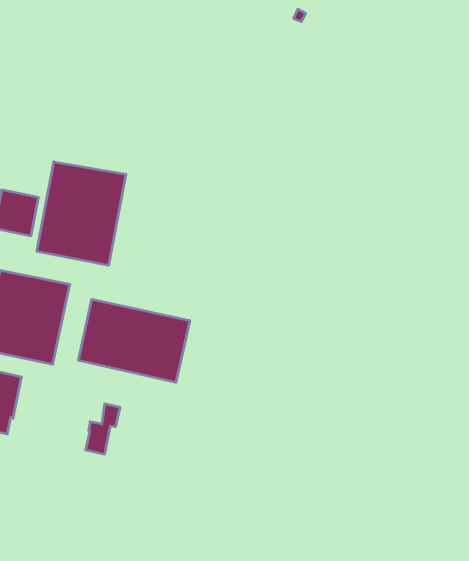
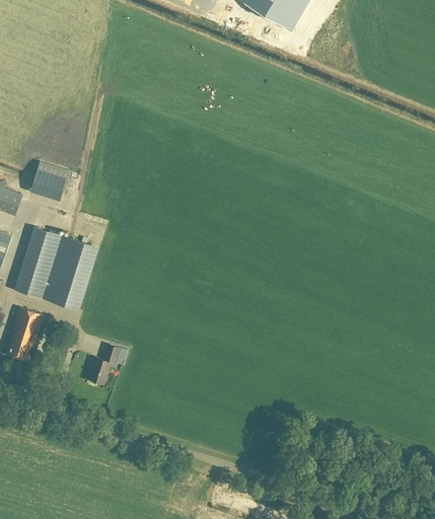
building: [37,162,126,265] -> none
building: [79,299,190,382] -> none

